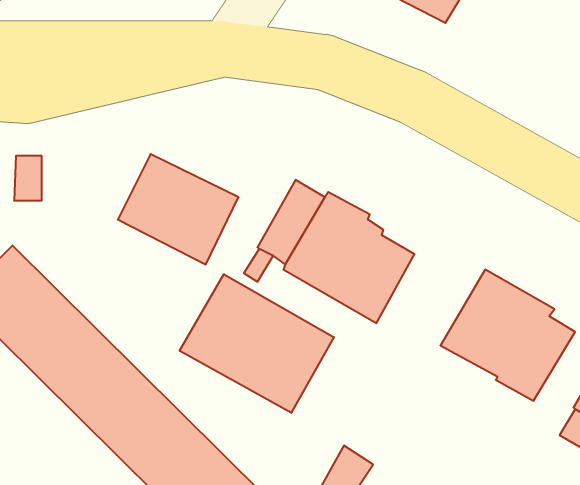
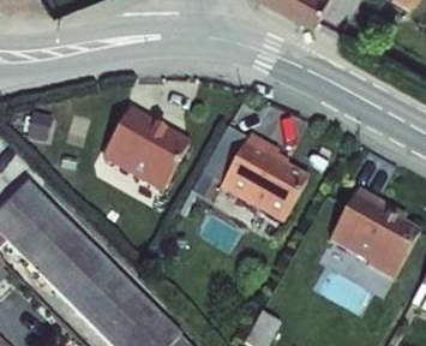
building: [180,274,334,413] -> none

